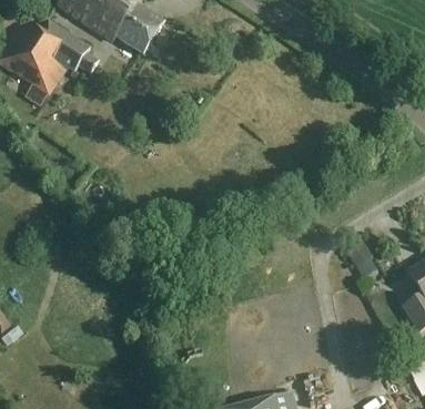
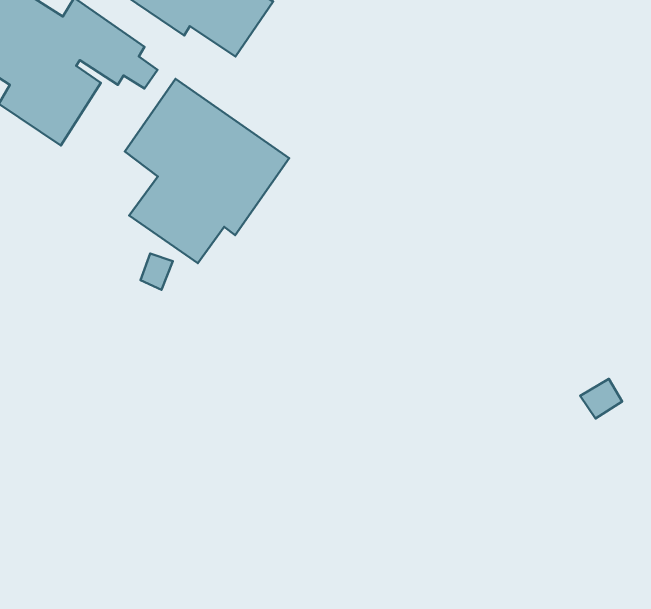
building: none -> [125,79,289,263]

